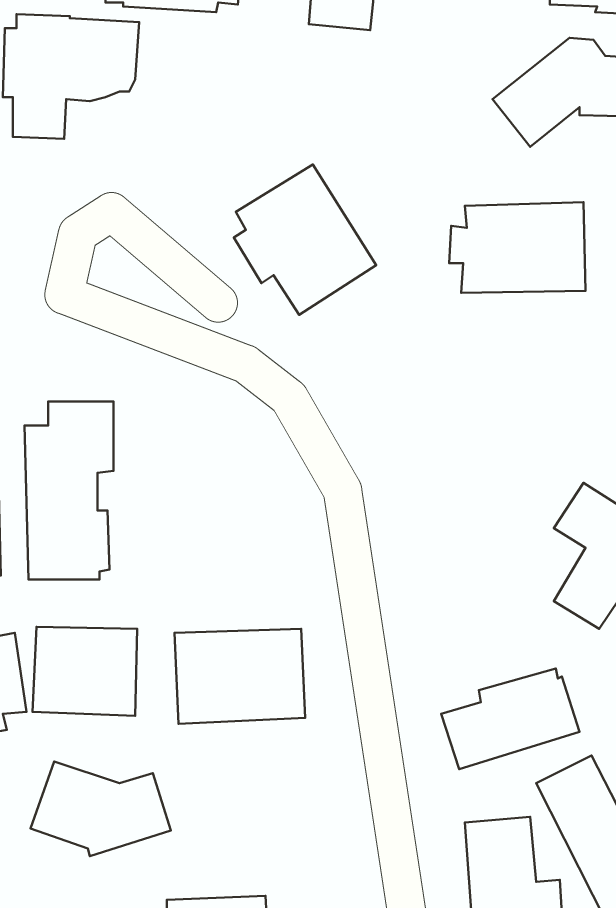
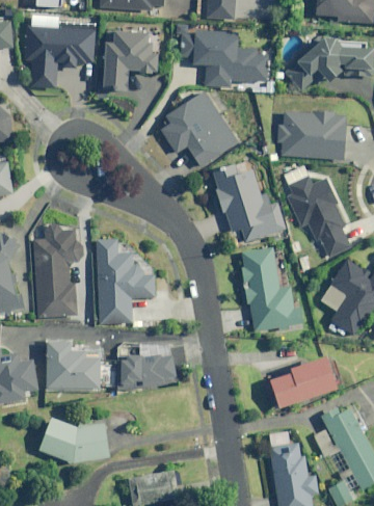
building: none -> [111,27,168,86]
building: none -> [178,35,261,90]
building: none -> [205,166,274,246]
building: none -> [276,178,341,262]
building: none -> [102,233,158,319]
building: none -> [233,250,295,339]

